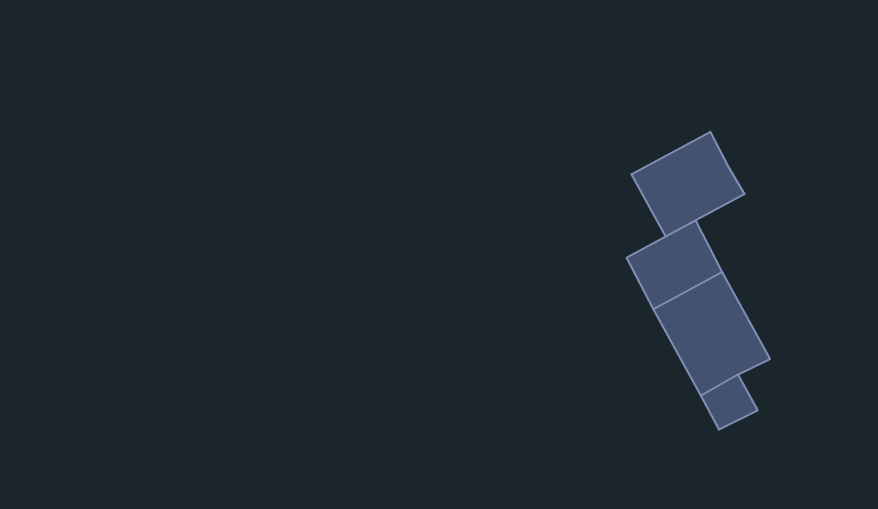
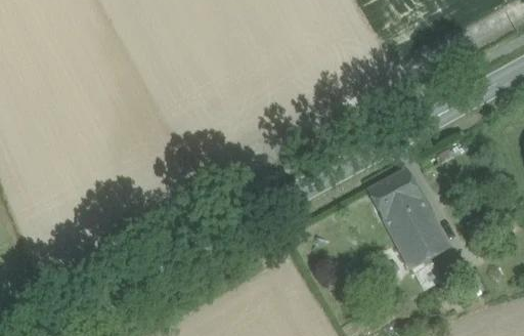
building: [631,132,745,237] -> none

